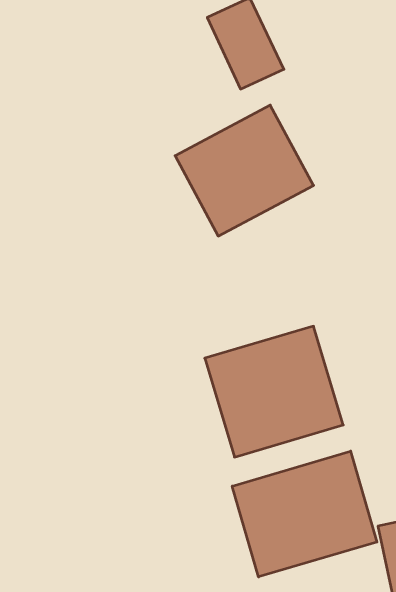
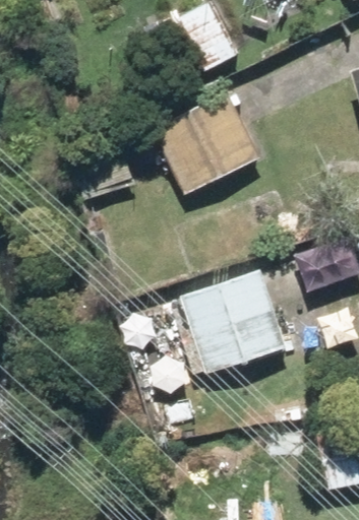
building: [232,451,377,577] -> none

